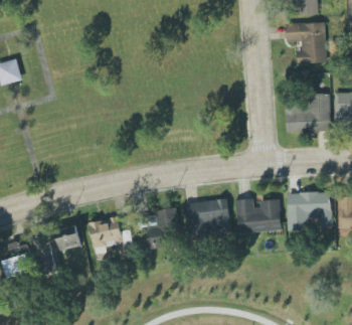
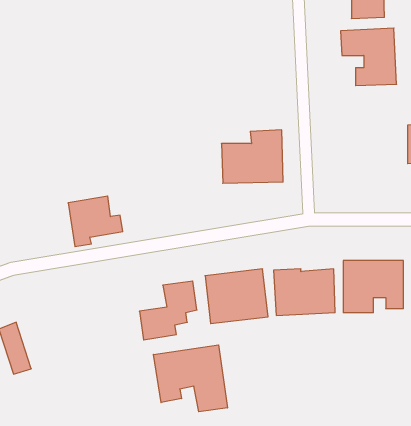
building: [285,93,330,132] -> [221,130,283,183]
building: [89,216,129,254] -> [68,196,123,247]
building: [55,225,79,250] -> none
building: none -> [153,345,227,412]

